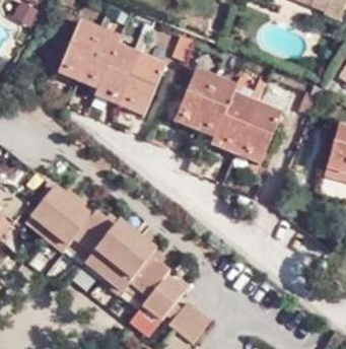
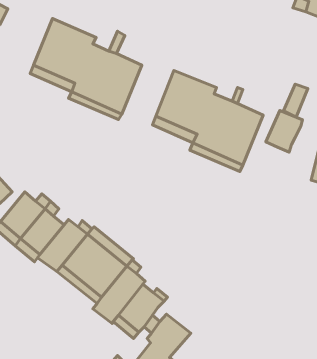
building: none -> [266,111,303,152]

